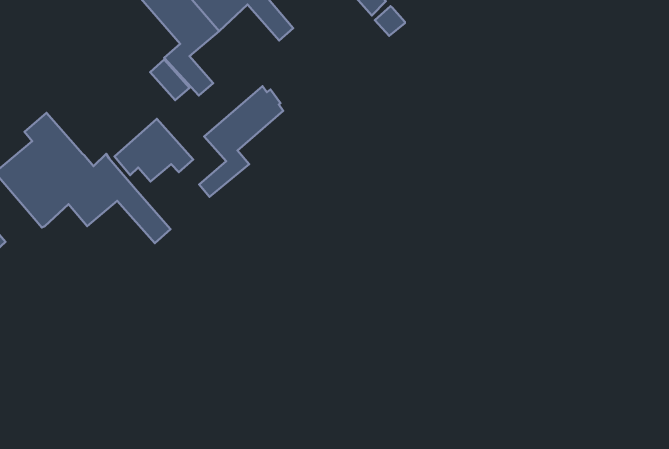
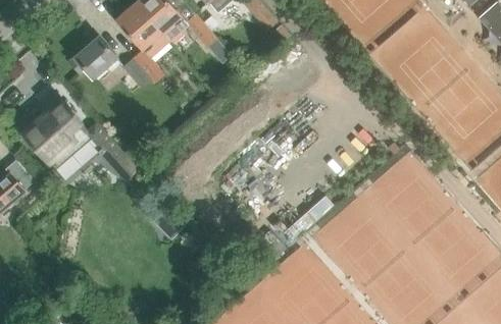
building: [199,86,283,197] -> none
building: [114,119,193,182] -> [69,37,120,77]

